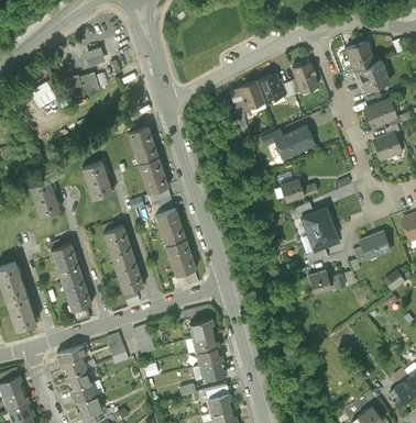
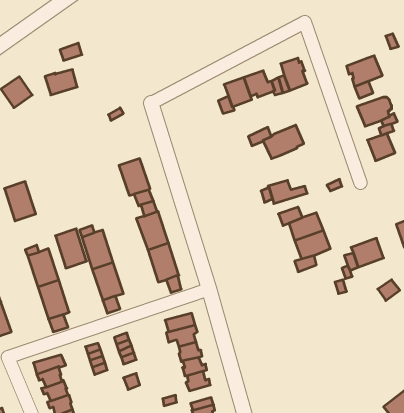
building: [346,41,374,69] -> none
building: [128,126,157,164] -> none
building: [81,162,111,199] -> [55,229,87,268]
building: [308,270,344,292] -> none

